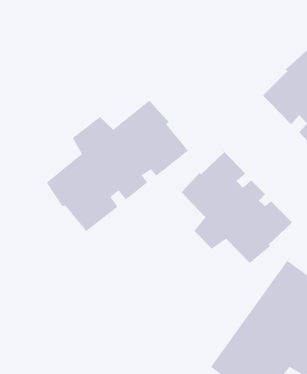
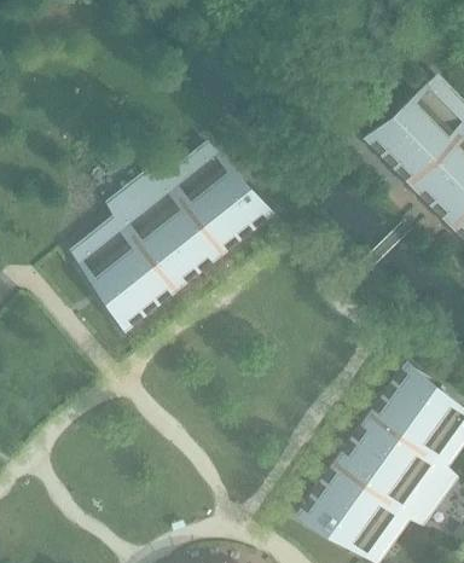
building: [181,148,296,264] -> none

